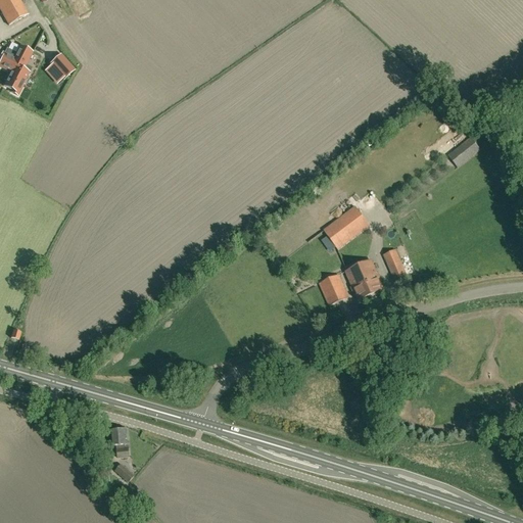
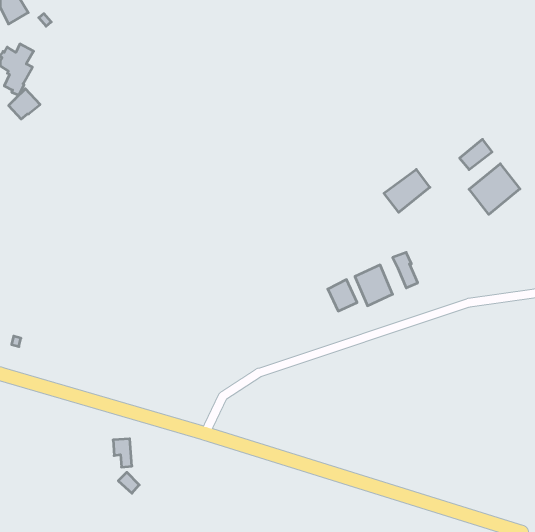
building: [44,52,75,82] -> [9,89,40,119]
building: none -> [469,164,520,214]
building: [324,205,369,247] -> [384,169,430,212]

